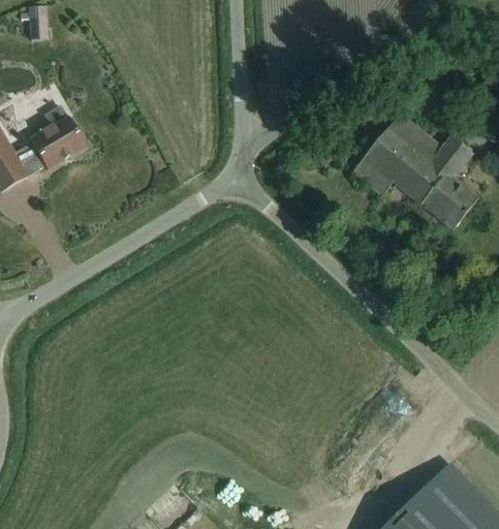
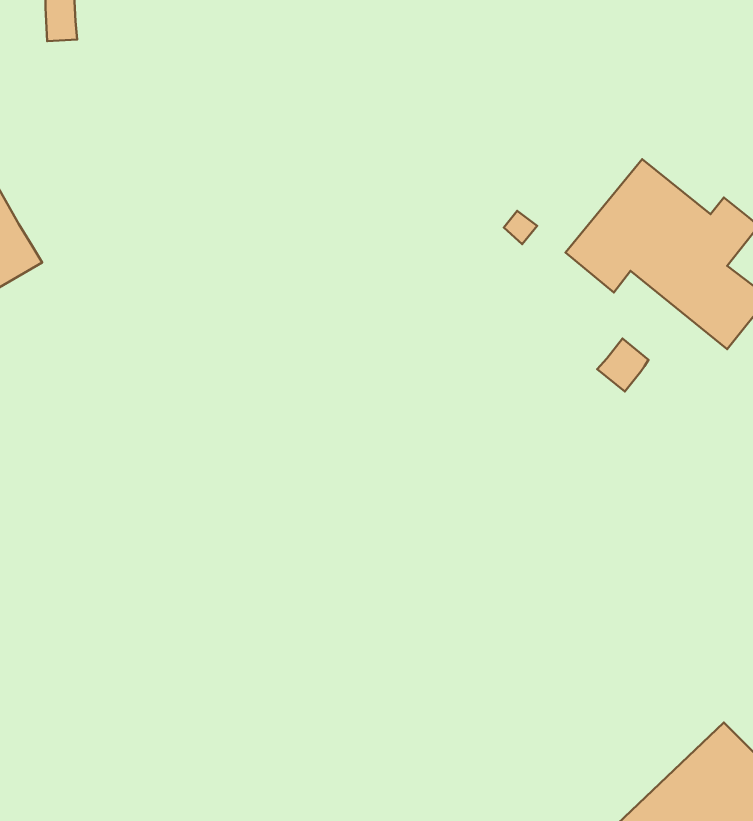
building: [13,105,87,169] -> none
building: none -> [597,339,649,391]

